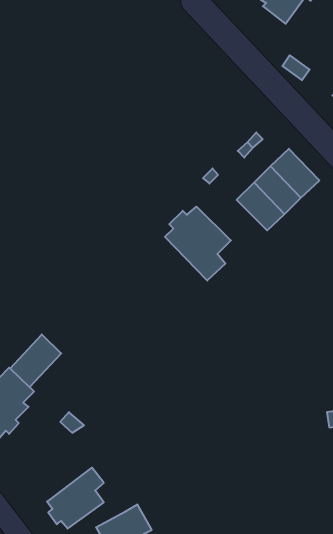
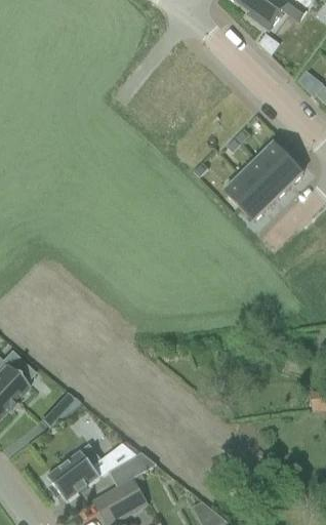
building: [165,207,231,281] -> none
building: [10,334,61,387] -> none
building: none -> [108,450,156,486]

